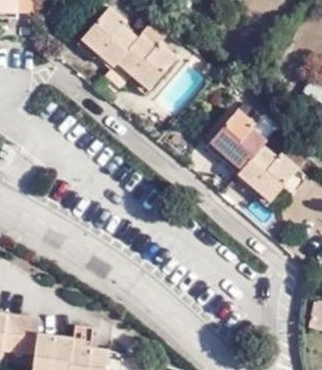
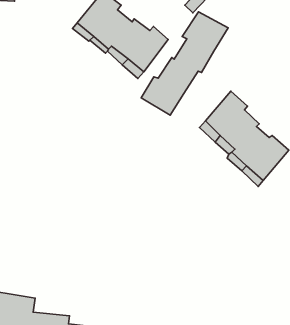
building: none -> [141,12,228,115]

